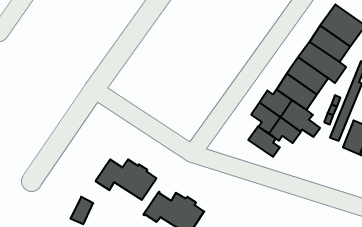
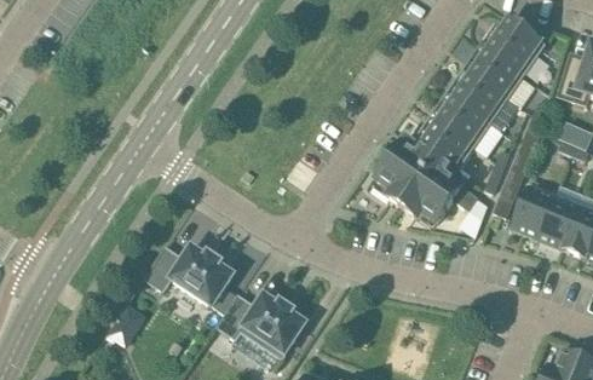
building: [248,126,280,157] -> none

